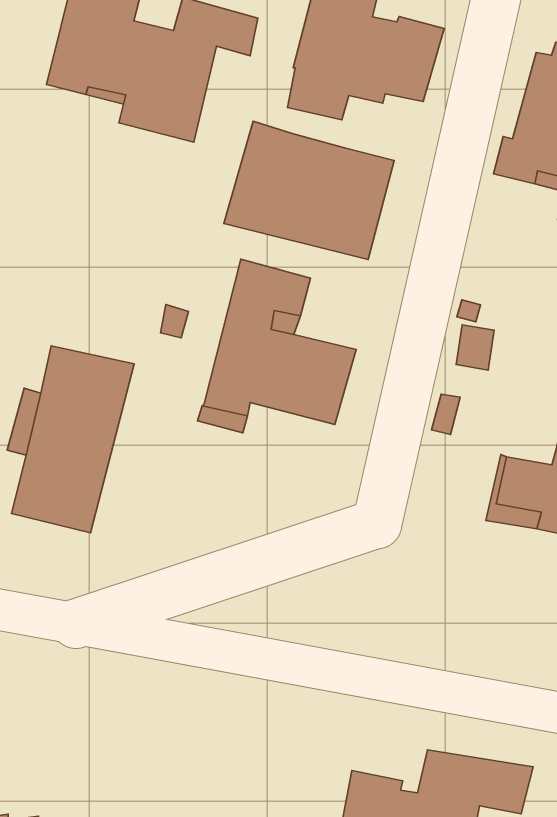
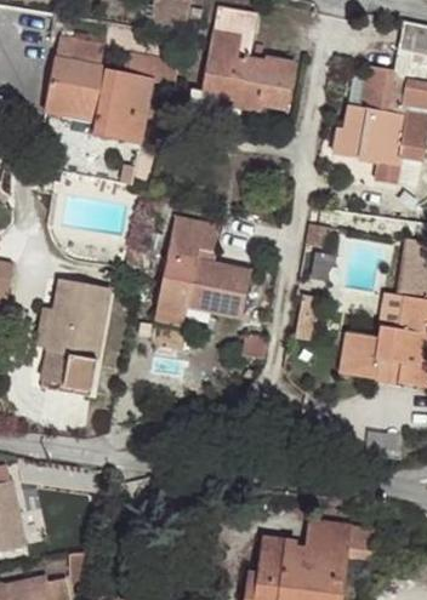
building: [224,121,394,259] -> none

